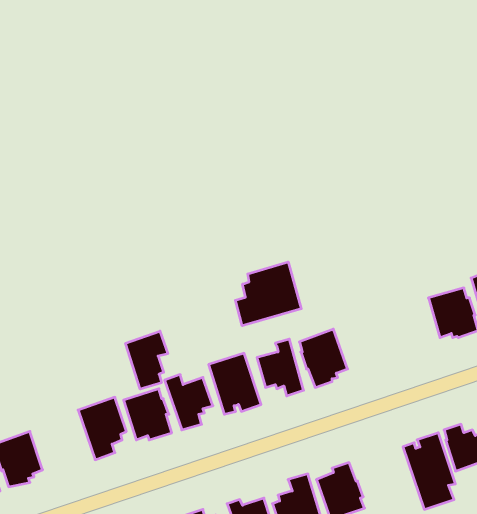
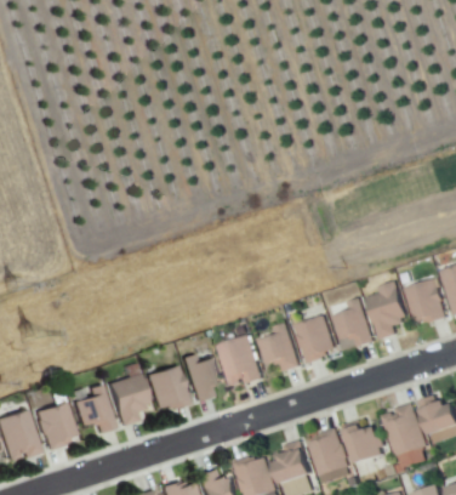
building: [235,262,301,326] -> none
building: none -> [369,280,411,340]
building: none -> [336,298,377,347]
building: [126,331,168,389] -> none
building: none -> [75,385,116,433]
building: none -> [346,420,389,465]

